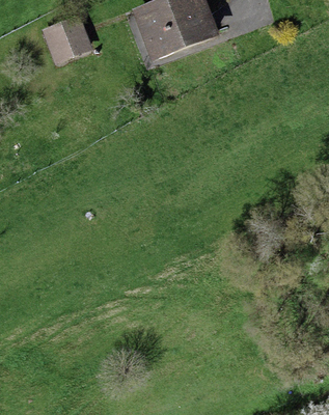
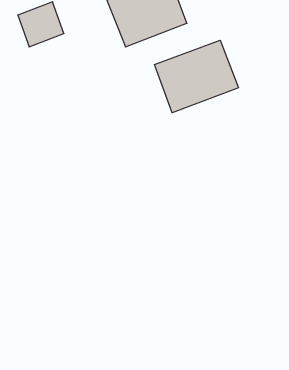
building: none -> [155,40,238,113]

